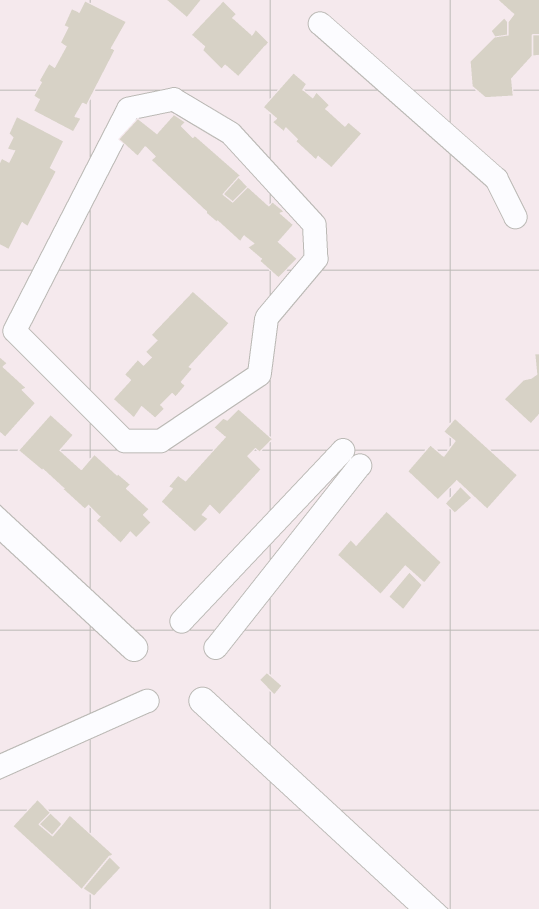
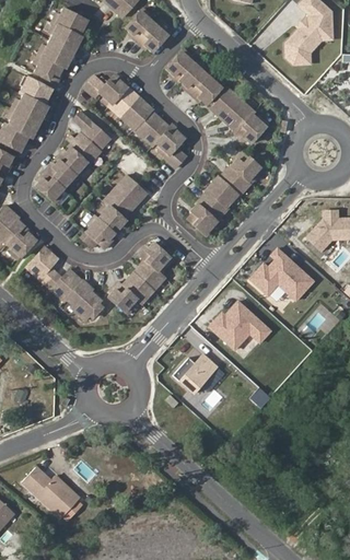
building: none -> [210,88,267,142]
building: none -> [35,110,110,202]
building: none -> [187,150,259,235]
building: none -> [172,354,215,393]

